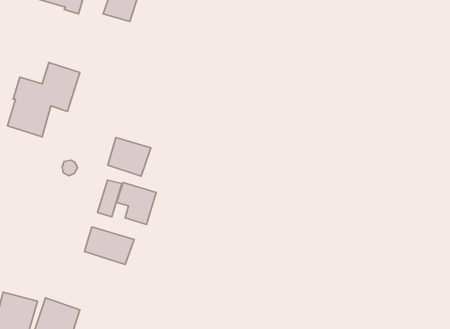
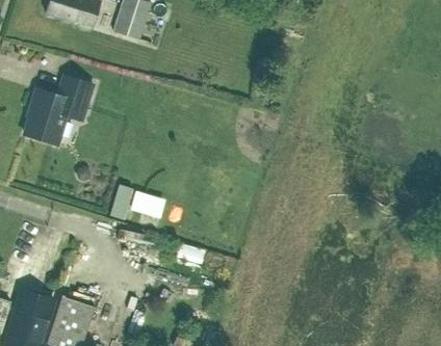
building: [108,137,151,176] -> none
building: [85,227,134,264] -> none

